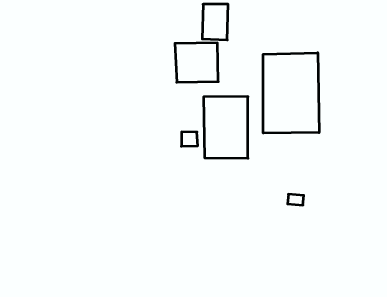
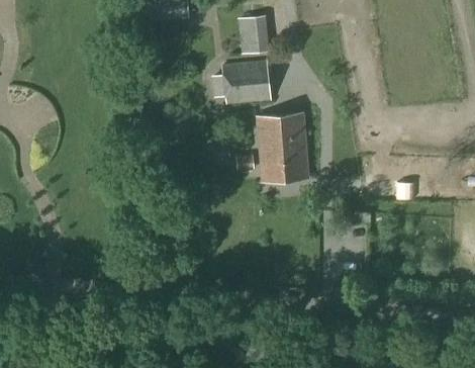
building: [263,53,319,133] -> none

